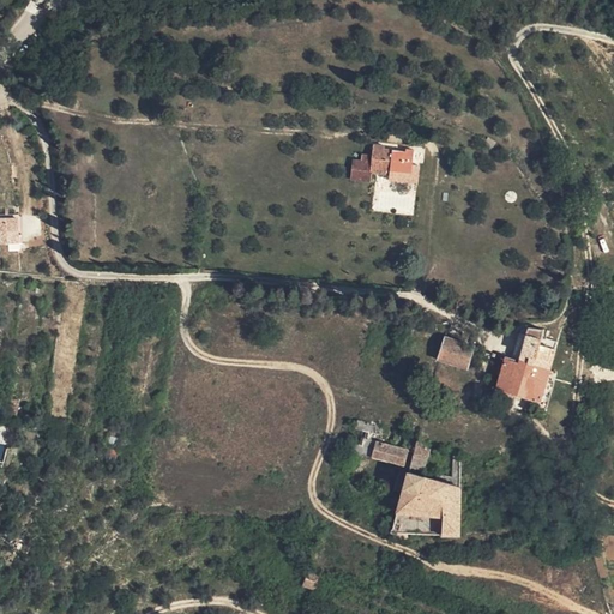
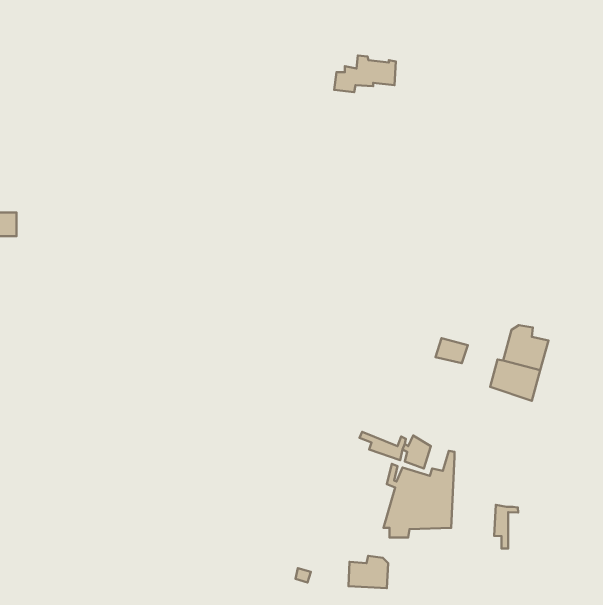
building: [353,144,415,181] -> [334,55,396,92]
building: none -> [494,505,518,548]
building: none -> [349,556,388,588]

